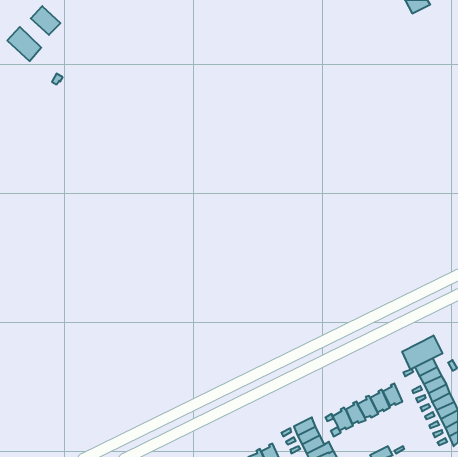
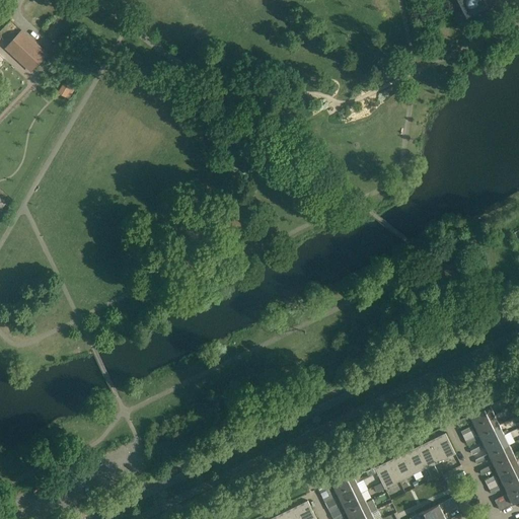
building: [31,6,60,35] -> none
building: [402,335,442,369] -> none

